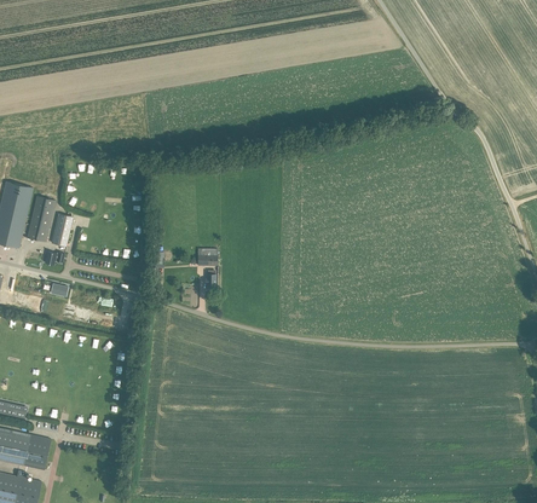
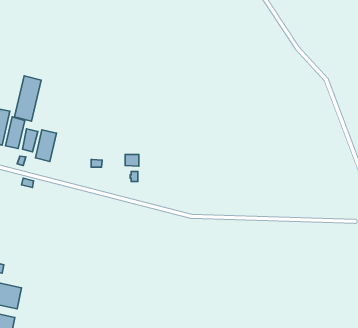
building: none -> [15,76,41,121]
building: none -> [35,130,57,162]

